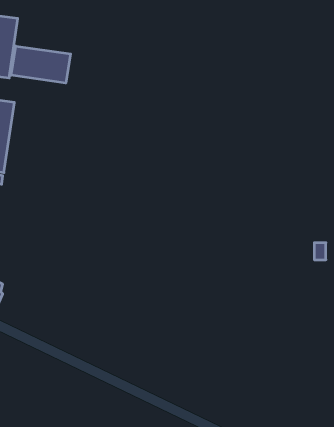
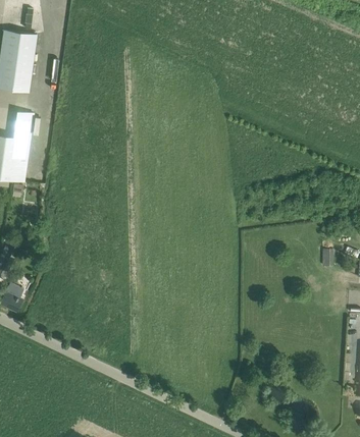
building: [11,46,71,83] -> none

